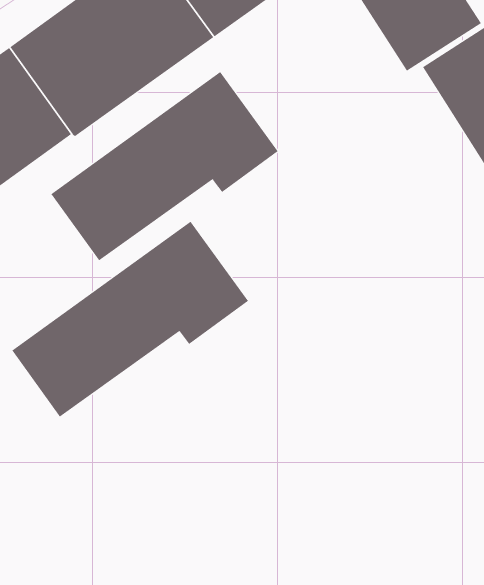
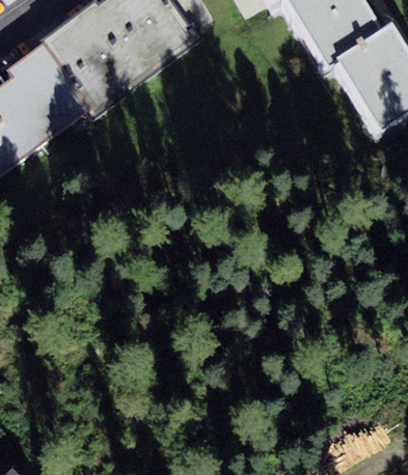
building: [50,71,279,261] -> none
building: [11,221,249,418] -> none

